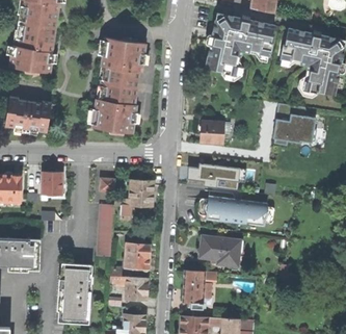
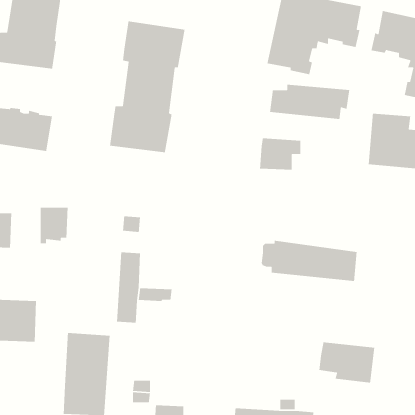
building: [190,162,248,188] -> [269,84,350,120]
building: [122,180,154,219] -> none
building: [199,237,240,267] -> [319,342,375,383]
building: [126,243,150,267] -> none
building: [183,272,217,304] -> none
building: [112,275,148,299] -> none

